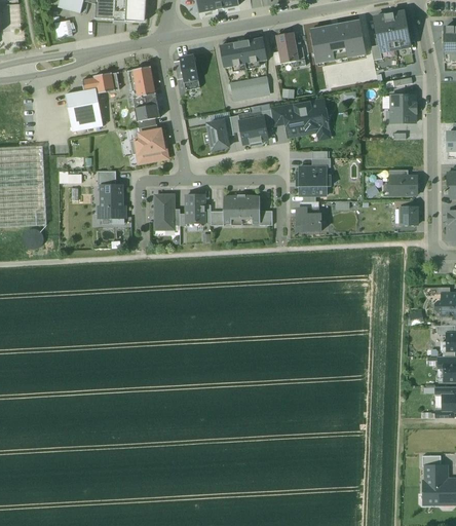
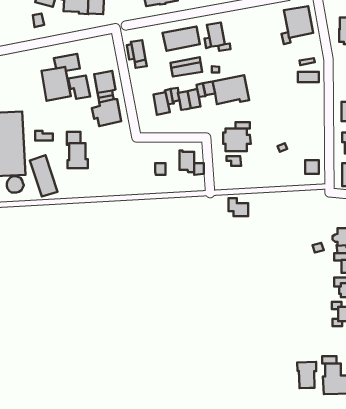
building: [309,20,365,63] -> none
building: [127,67,155,97] -> [68,75,90,99]
building: [390,108,417,122] -> none
building: [388,176,417,194] -> none
building: [154,194,173,228] -> none
building: [185,194,203,222] -> none
building: [222,194,240,222] -> none
building: none -> [30,155,58,196]
building: [296,208,320,230] -> [229,198,248,216]
building: none -> [297,362,316,388]

